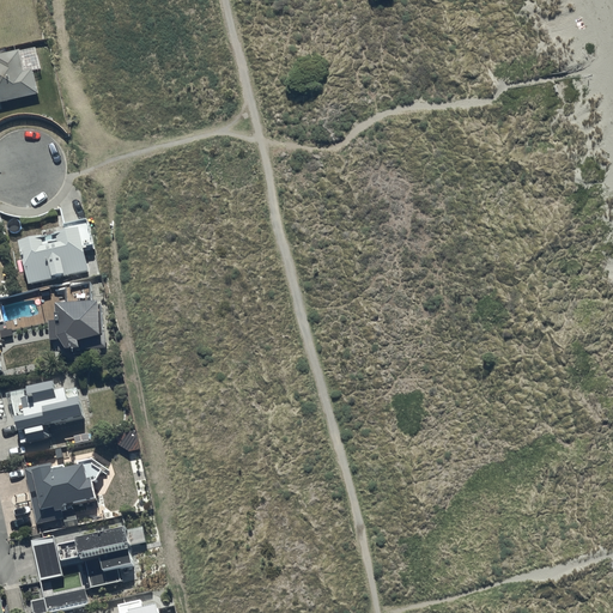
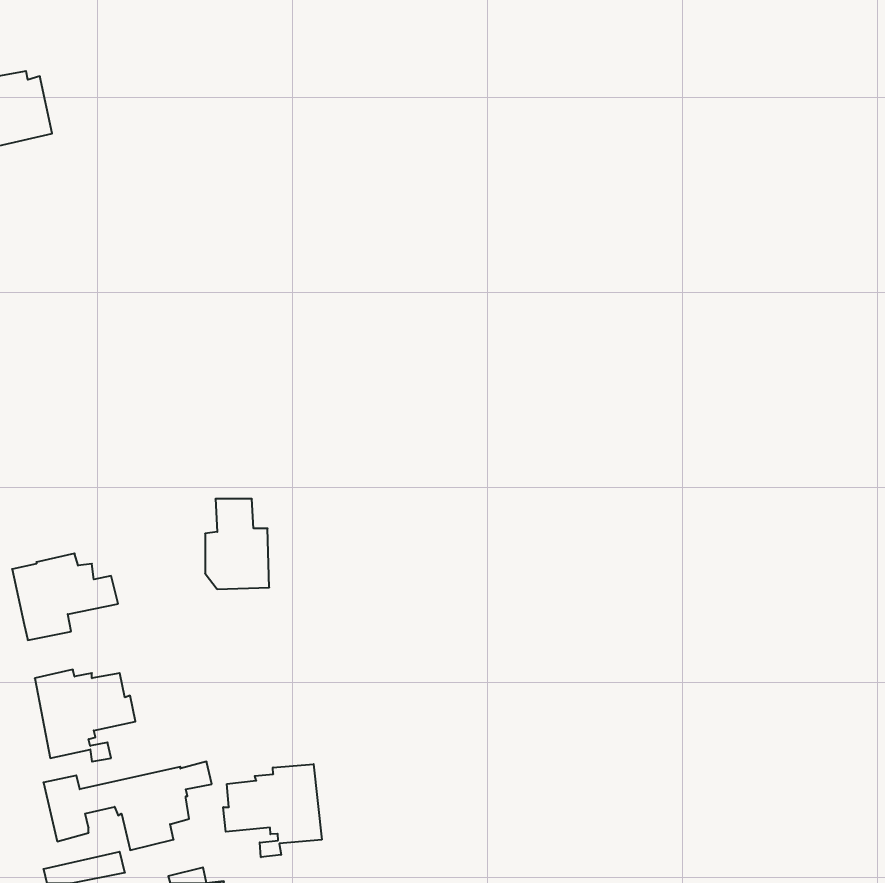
building: [17,218,93,284] -> none
building: [57,284,102,346] -> [205,499,269,589]
building: none -> [223,764,322,857]

